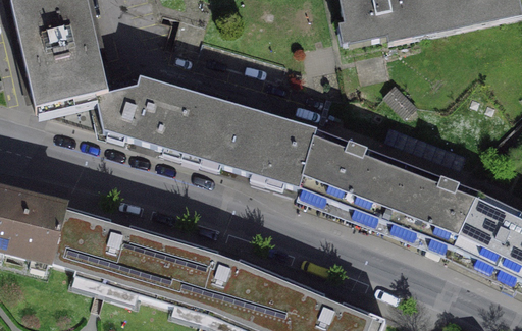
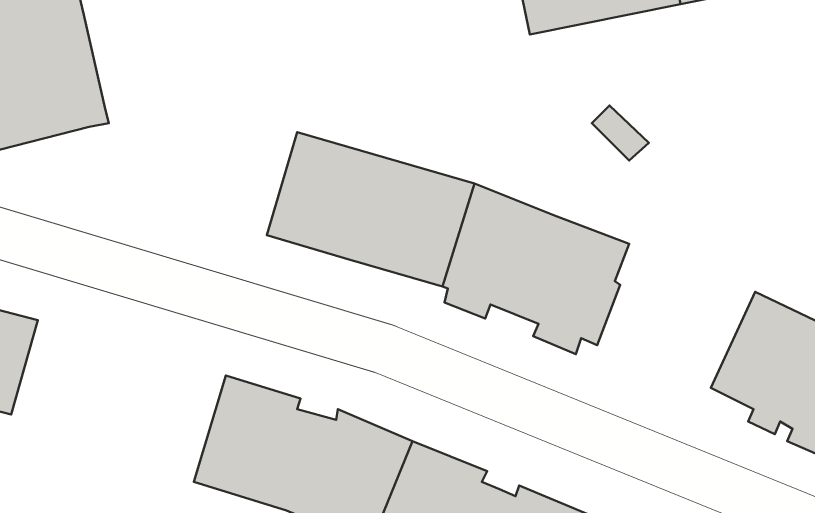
building: [96,74,215,158] -> none
building: [387,163,478,252] -> none
building: [51,207,174,299] -> none

